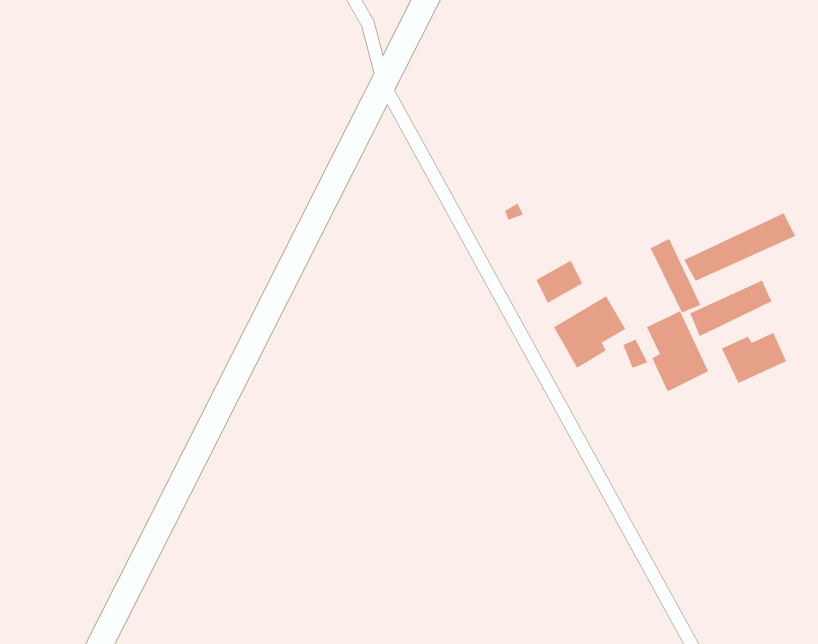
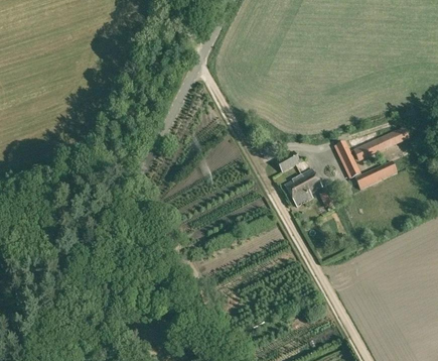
building: [646,310,709,392] -> none
building: [721,332,787,384] -> none

